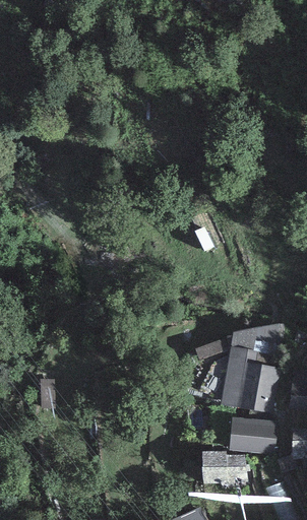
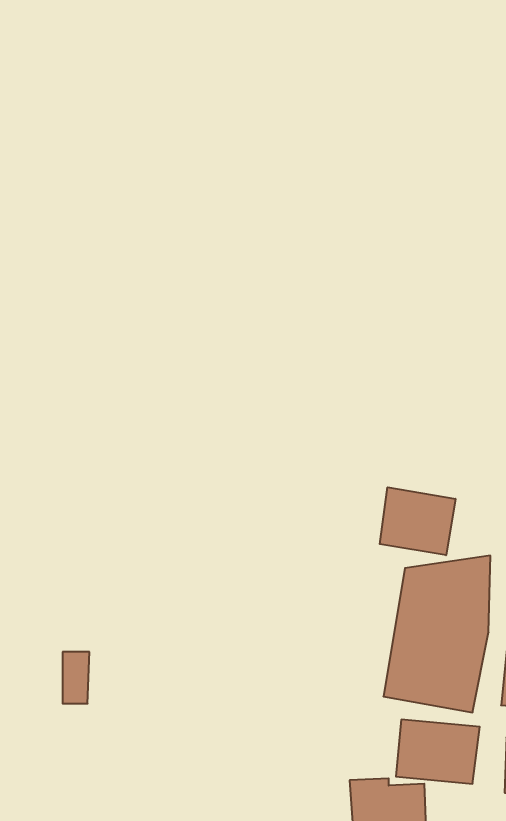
building: none -> [380,487,455,555]

